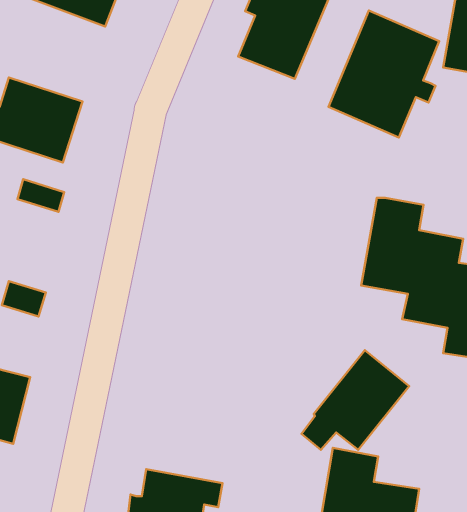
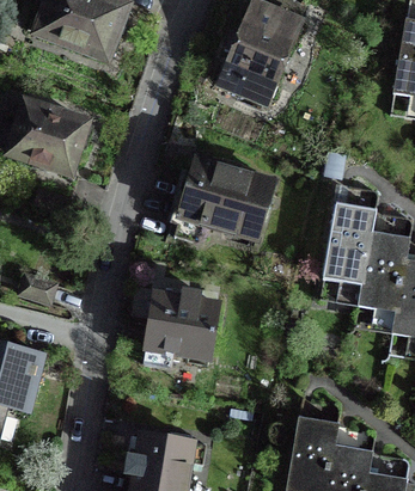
building: [328,11,439,137] -> none
building: none -> [171,159,274,244]
building: none -> [142,289,218,369]
building: [301,350,409,450] -> none

